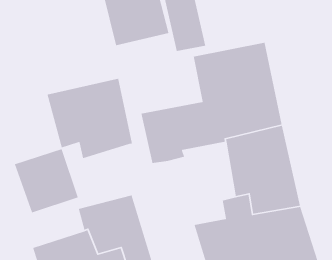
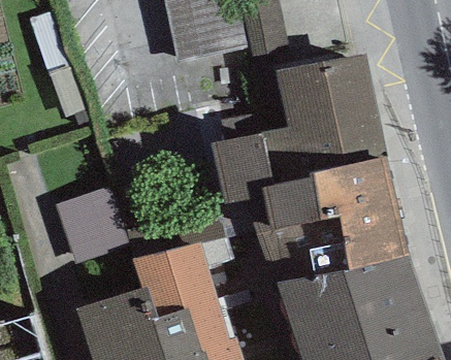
building: [46,78,133,159] -> none
building: none -> [246,179,328,282]

